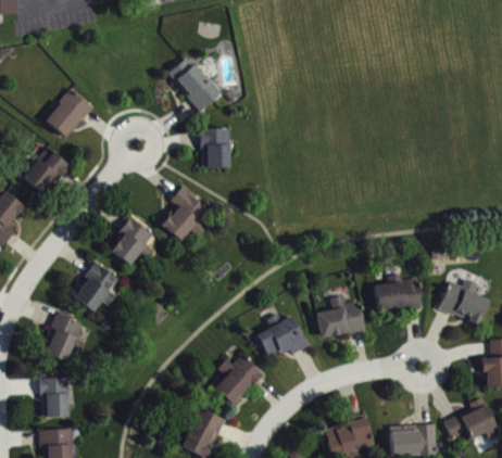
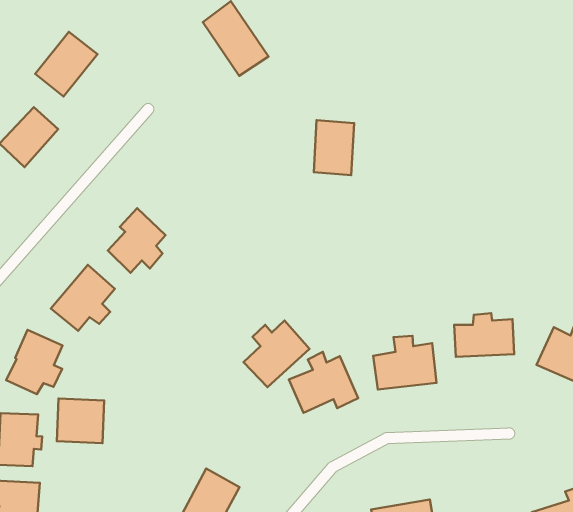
building: [201,129,230,168] -> [314,120,354,175]
building: [161,188,209,241] -> none
building: [213,355,262,406] -> [243,321,310,387]
building: none -> [57,399,104,443]

